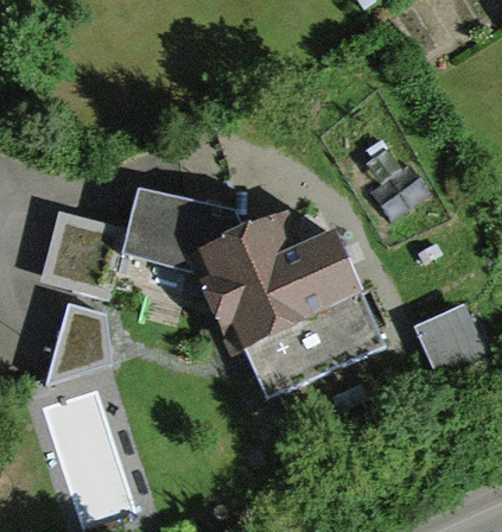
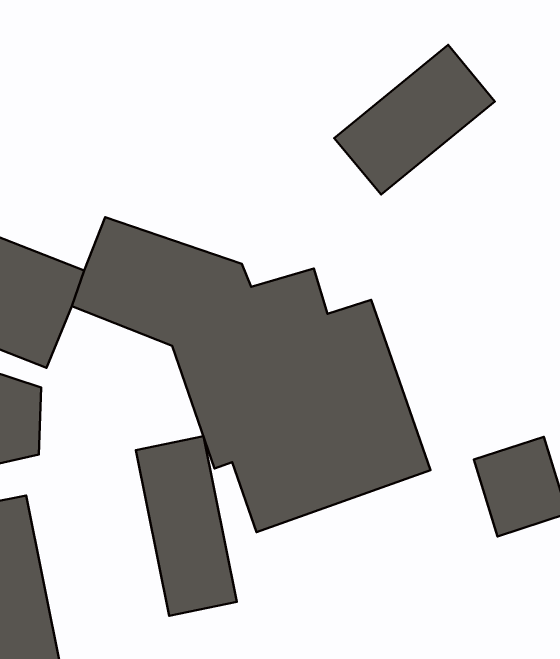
building: none -> [334,45,495,195]
building: none -> [136,436,237,616]

